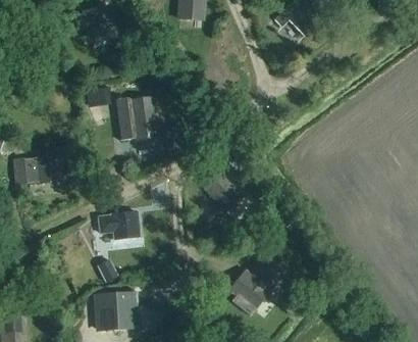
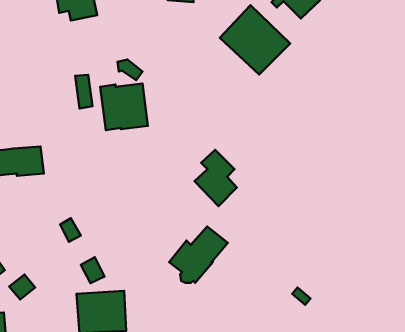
building: none -> [220,5,290,74]
building: [98,211,140,239] -> none
building: [229,256,284,309] -> [169,227,228,283]

